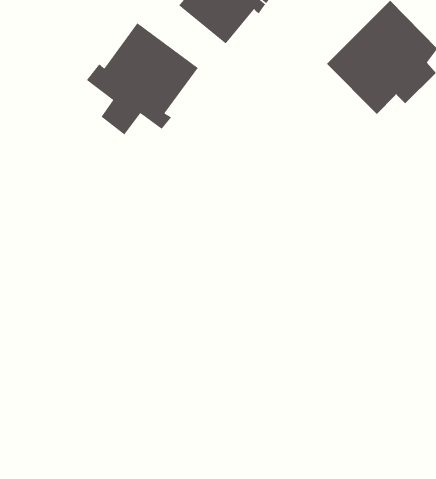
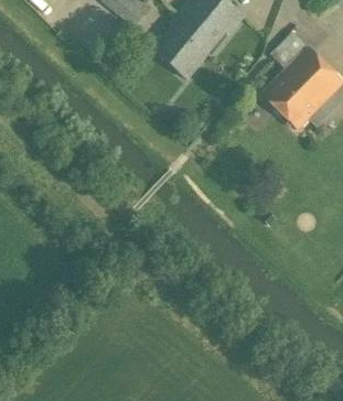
building: [86,22,199,136] -> none

